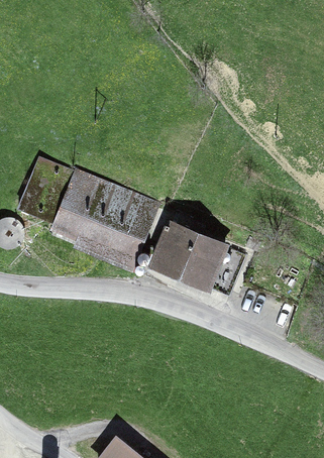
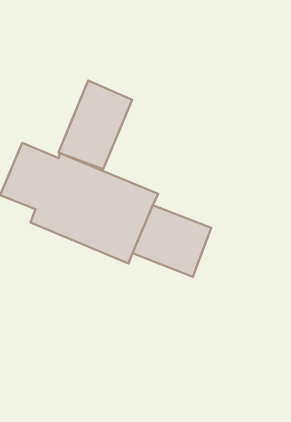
building: none -> [58,81,132,169]

